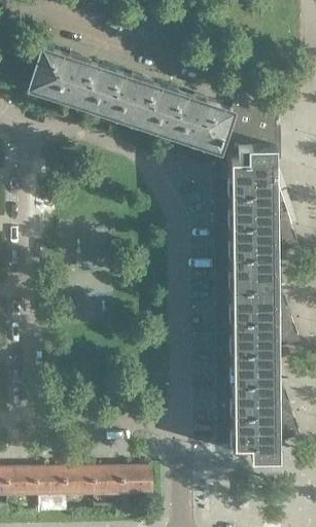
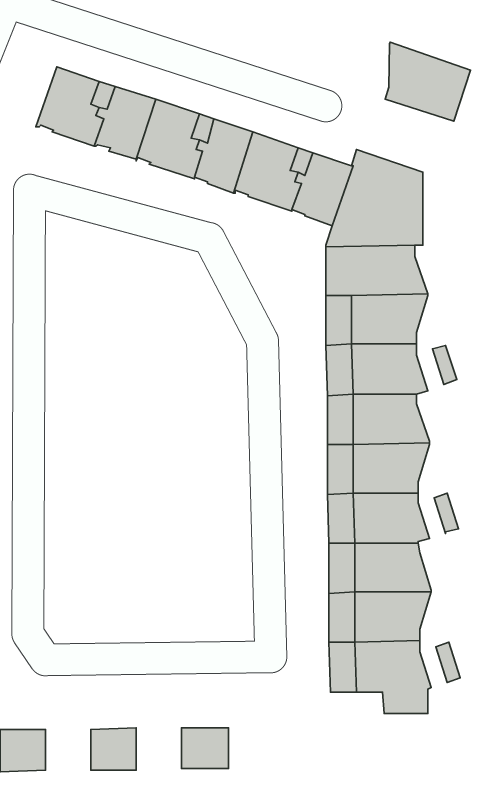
building: none -> [385,42,470,121]
building: [96,469,125,496] -> none
building: [38,470,67,496] -> none

